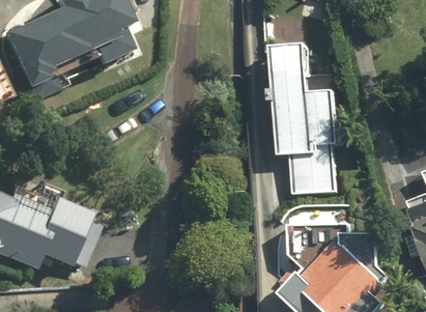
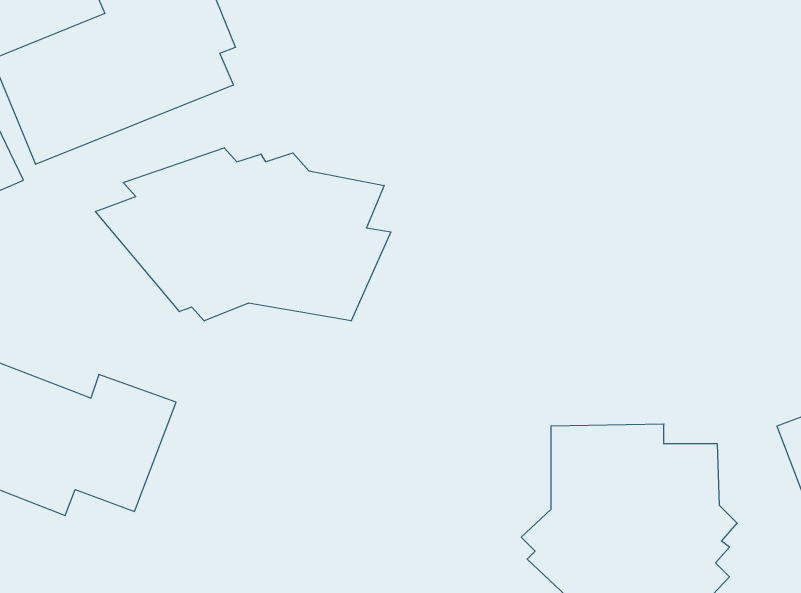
building: [269,41,341,195] -> none
building: none -> [95,148,391,321]

